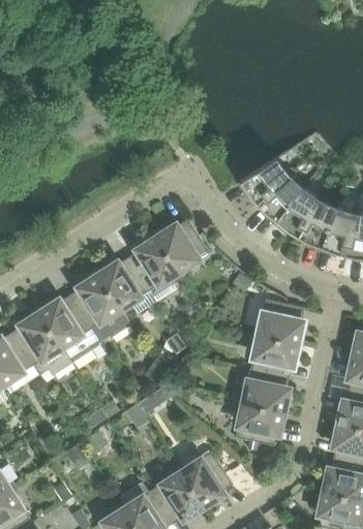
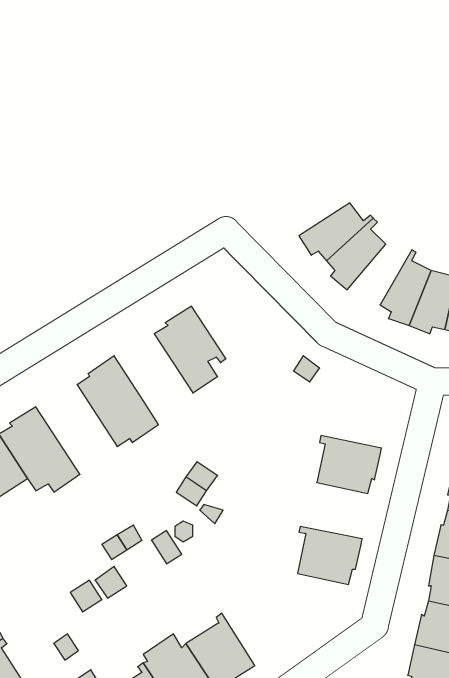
building: [271,189,320,235] -> none
building: [154,218,207,275] -> none
building: [96,256,155,313] -> none
building: [37,294,98,362] -> none
building: [251,299,302,342] -> none
building: [236,368,286,410] -> none
building: [177,450,231,505] -> none

